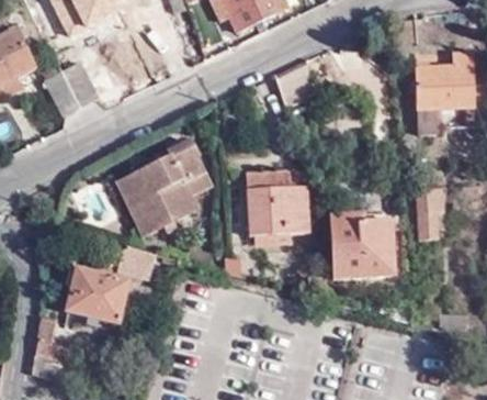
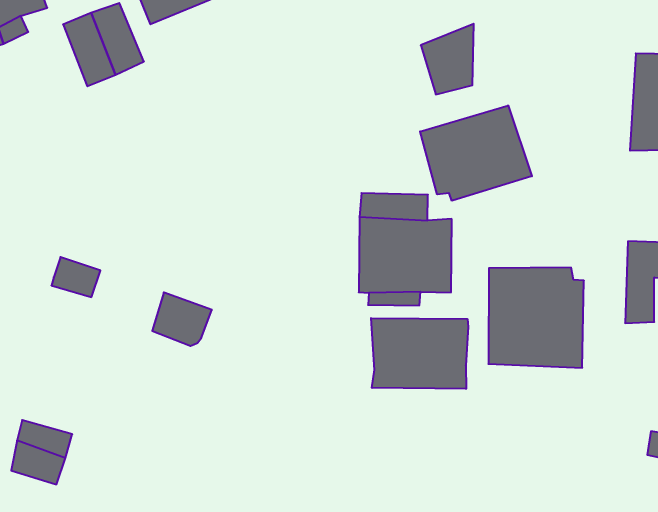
building: none -> [420,105,532,201]
building: [122,140,212,233] -> none
building: none -> [371,318,468,389]
building: [66,267,128,329] -> none

